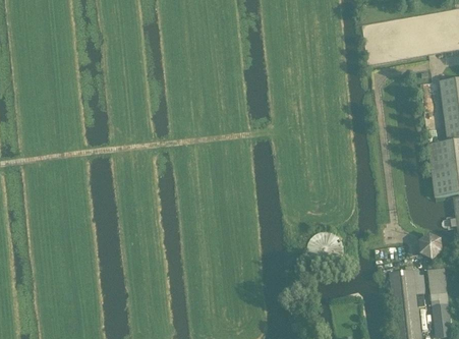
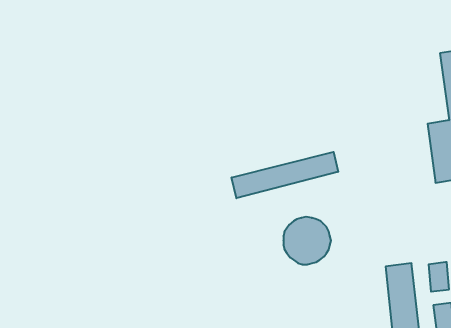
building: none -> [232,152,338,198]
building: [418,231,442,258] -> none

